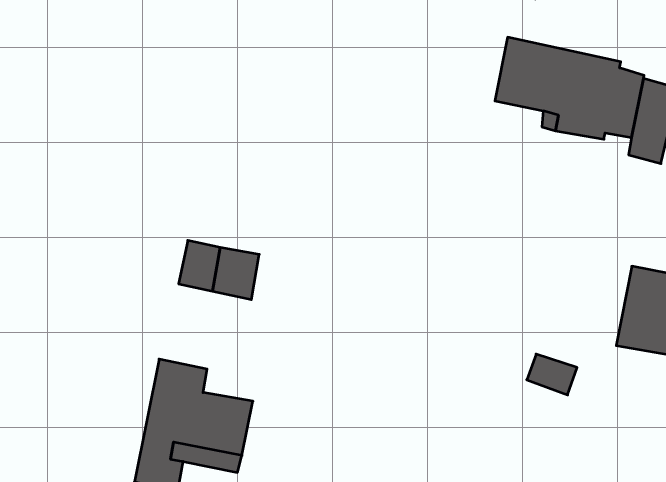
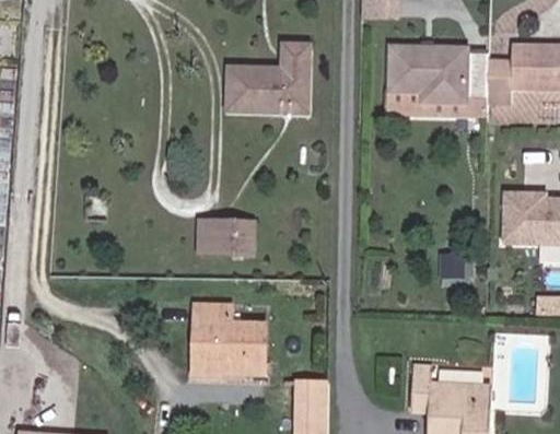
building: none -> [225,47,311,113]

